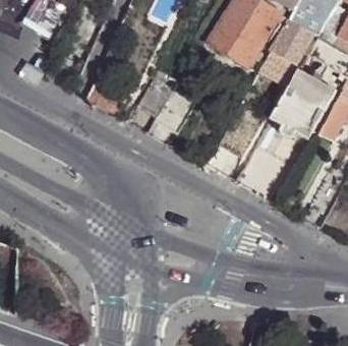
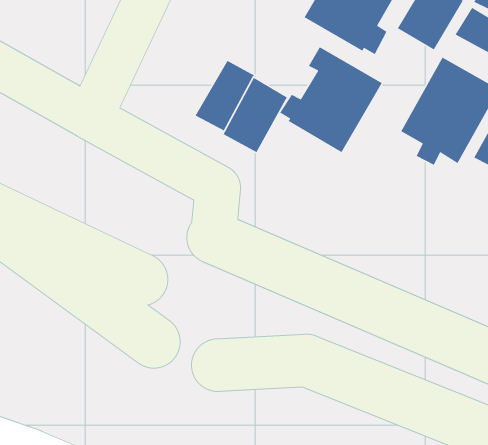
building: none -> [279,46,383,153]

